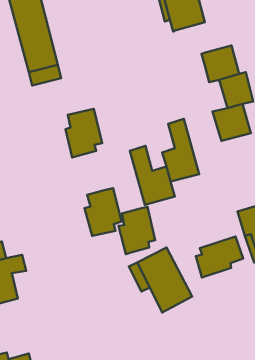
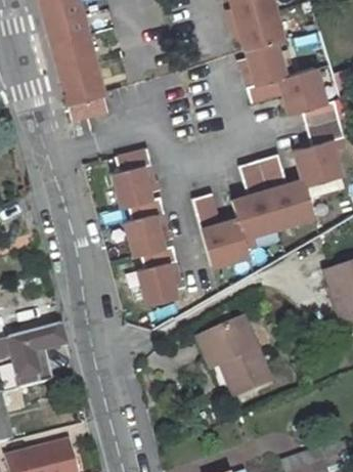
building: none -> [240,43,286,102]
building: none -> [259,155,313,227]
building: [118,207,155,254] -> [125,197,170,255]
building: [196,236,243,278] -> none

